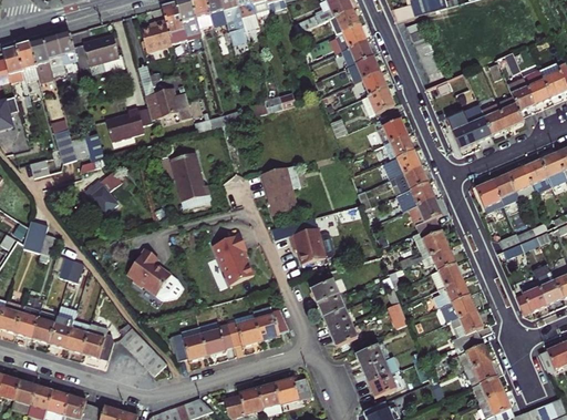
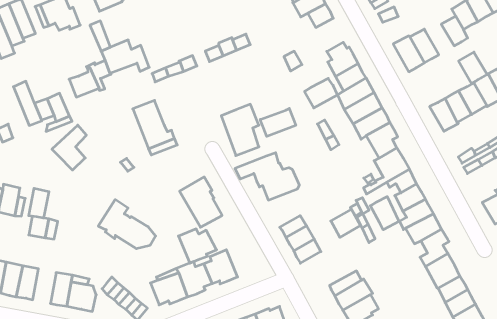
building: [360,84,393,113] -> [305,78,337,108]
building: [478,100,506,132] -> [459,52,487,84]
building: none -> [260,108,296,136]
building: none -> [29,188,49,218]
building: none -> [370,197,399,230]
building: [254,305,291,339] -> [178,229,217,263]
building: [51,311,78,348] -> none
building: [328,321,358,349] -> [331,209,361,237]

